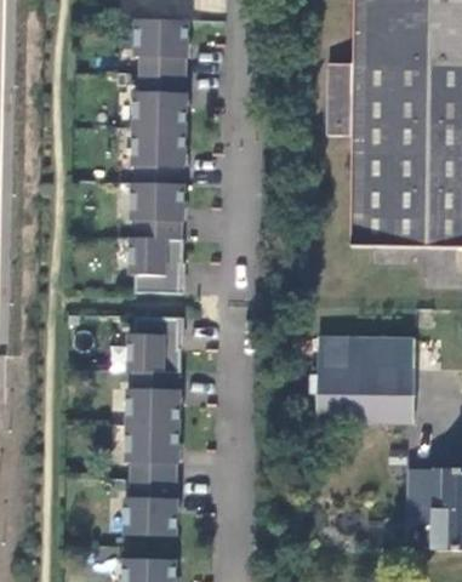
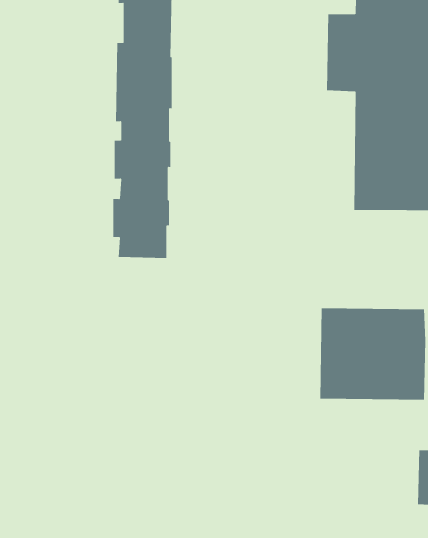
building: [124,315,179,535] -> none

